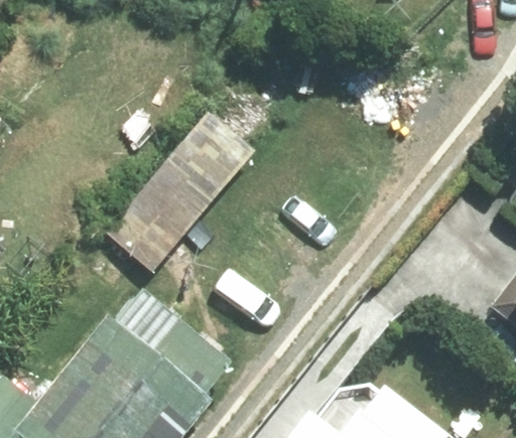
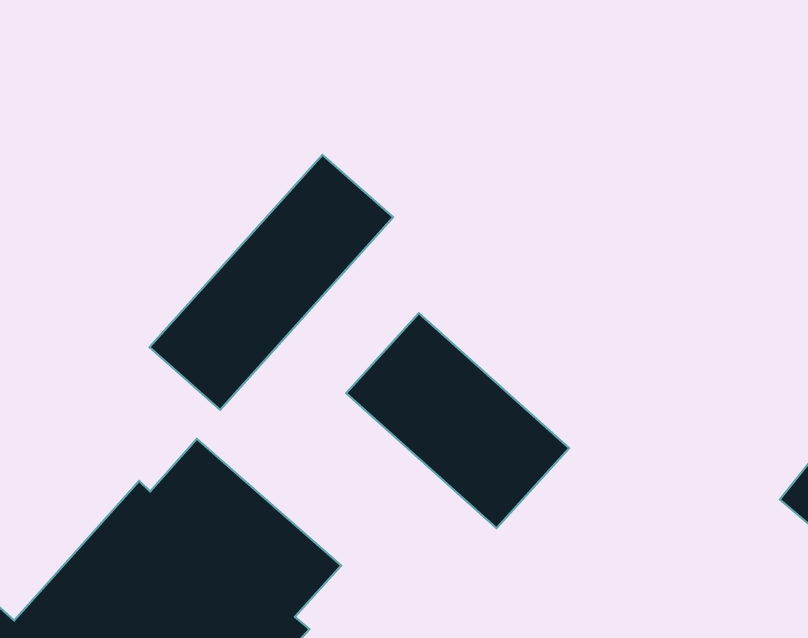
building: none -> [346,313,569,528]

